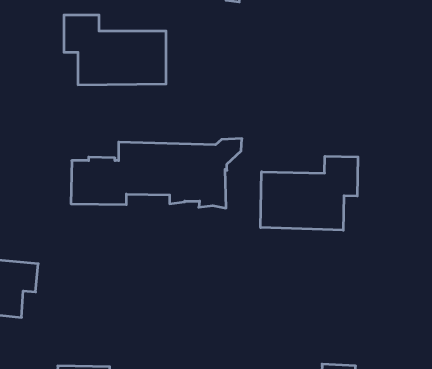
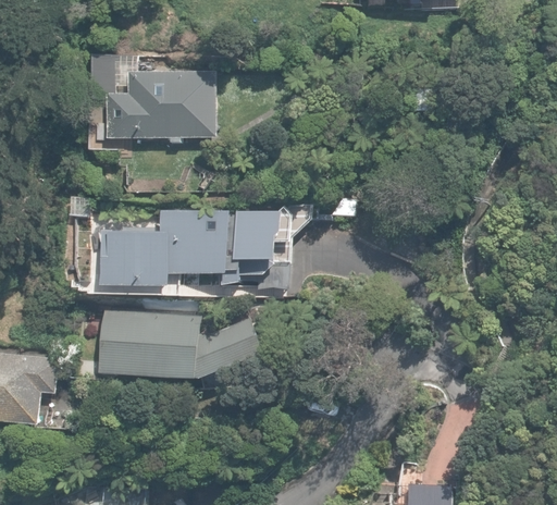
building: [261,156,358,230] -> none
building: none -> [98,308,264,380]

